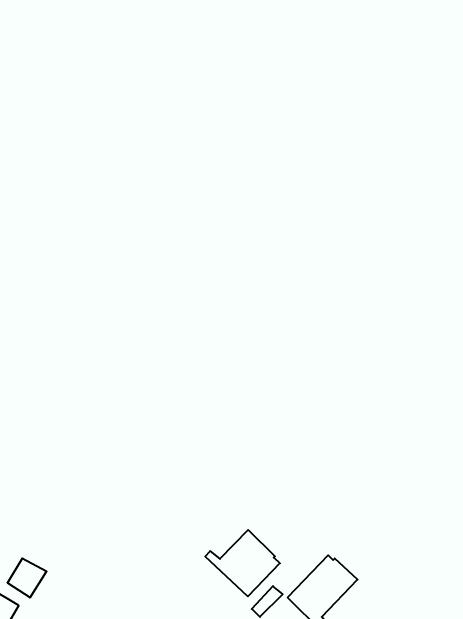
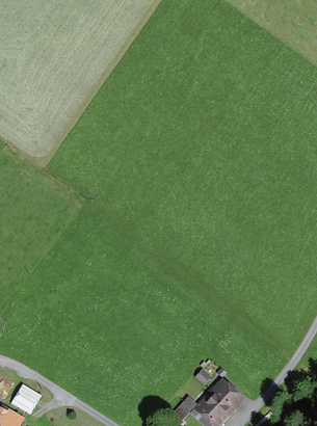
building: [205,530,280,596] -> none

